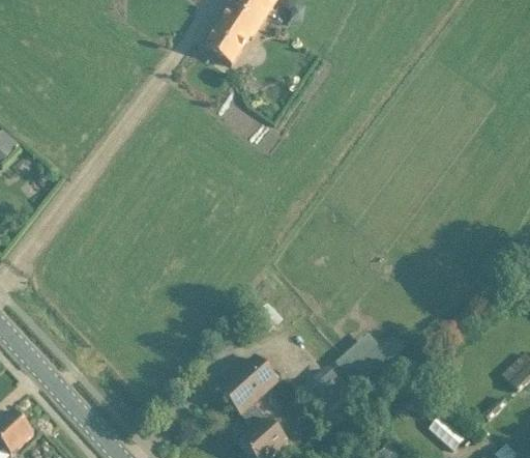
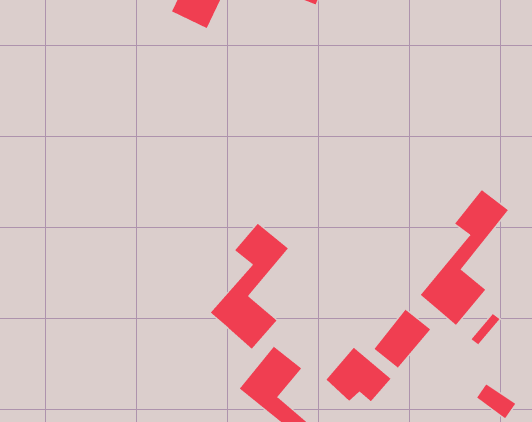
building: none -> [420,189,509,326]
building: none -> [210,223,289,349]

